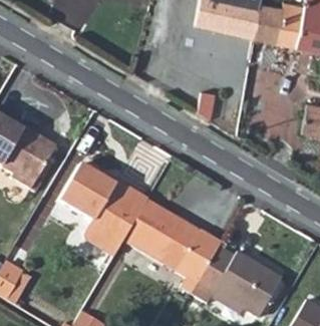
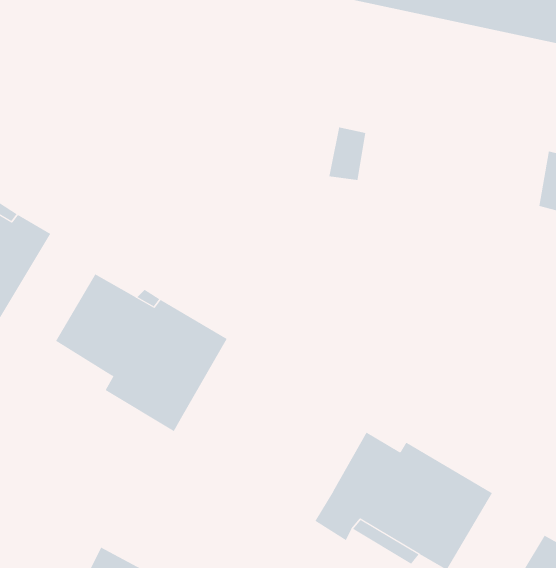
building: [123,200,220,292] -> none

